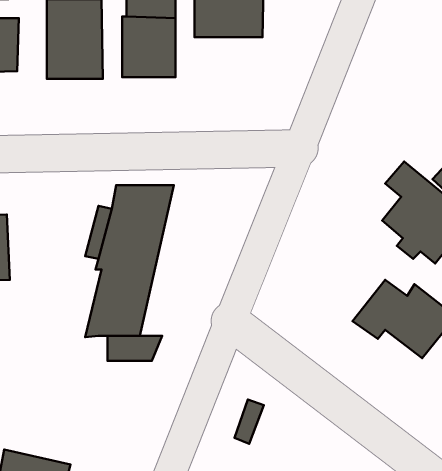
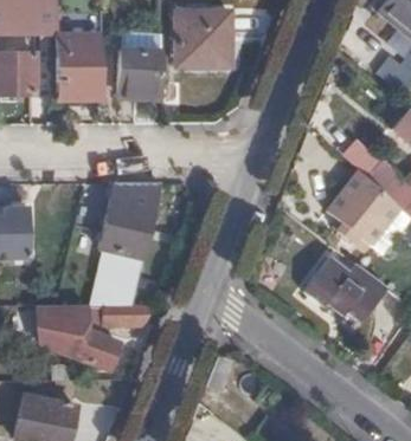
building: none -> [40,304,126,372]

